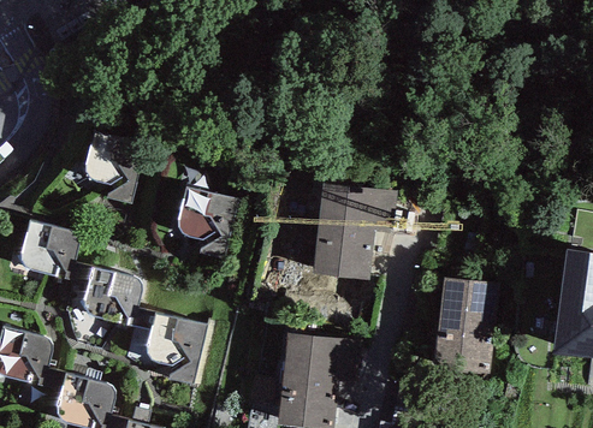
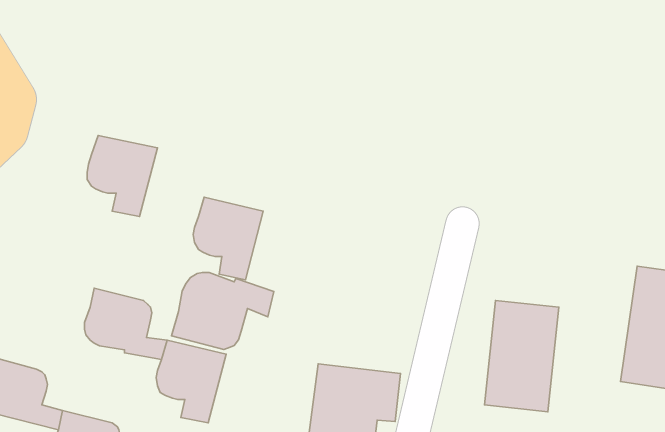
building: [312,182,396,279] -> none
building: [20,219,91,283] -> none
building: none -> [172,273,274,350]

